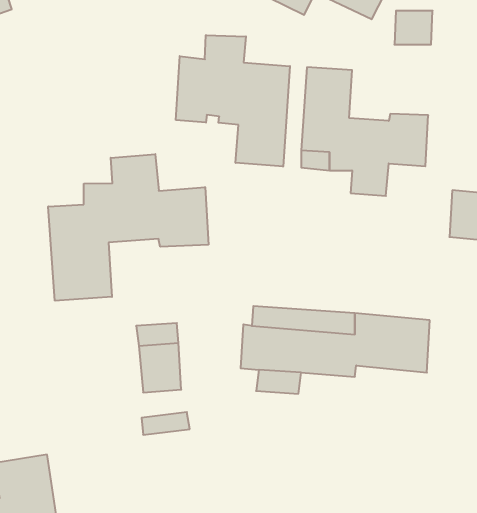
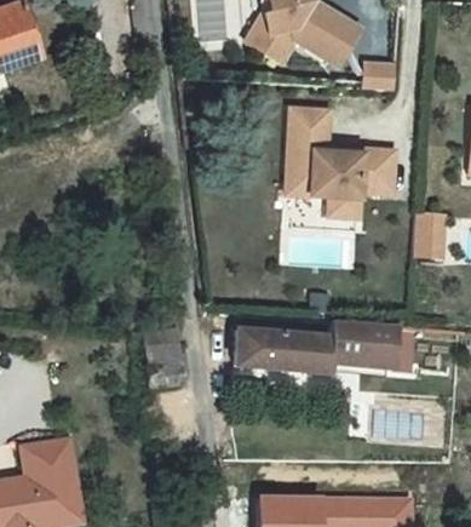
building: [176,35,290,167] -> none
building: [48,154,208,301] -> none

